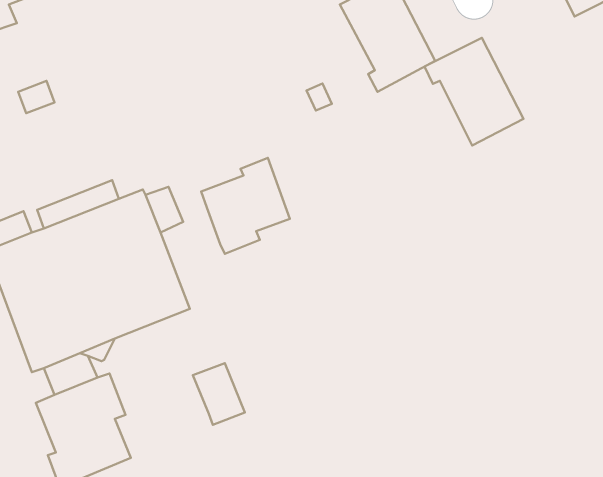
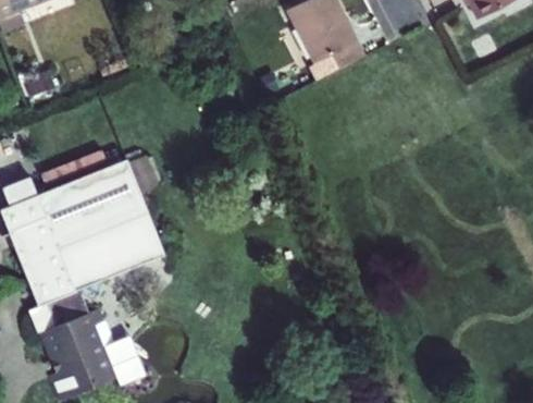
building: [424,38,523,145] -> none
building: [201,158,290,254] -> none
building: [193,363,245,425] -> [103,335,146,386]

